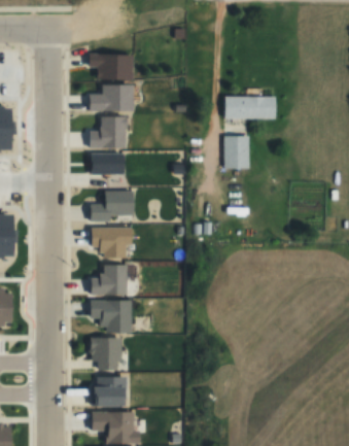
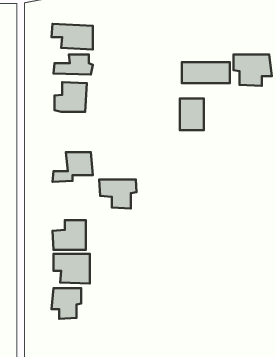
building: none -> [233,55,272,86]
building: [91,153,123,172] -> none
building: [90,229,130,260] -> [99,180,137,208]
building: [92,377,121,407] -> none

